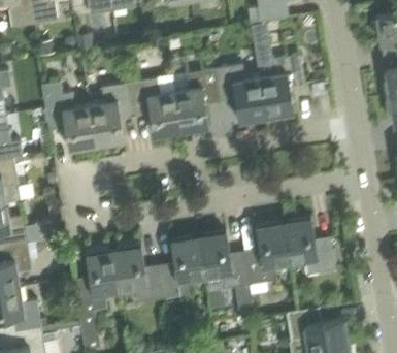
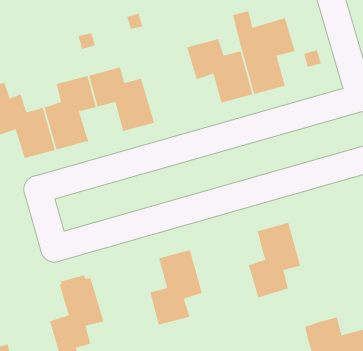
building: [173,69,219,130] -> none
building: [283,219,335,276] -> none
building: [198,232,255,320] -> none
building: [112,245,164,304] -> none

